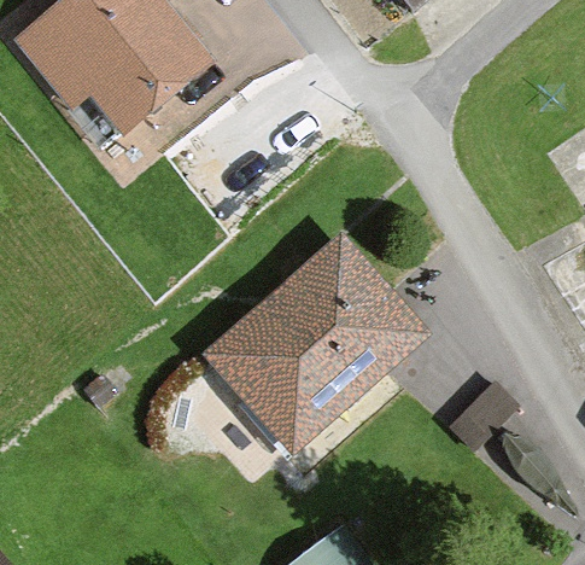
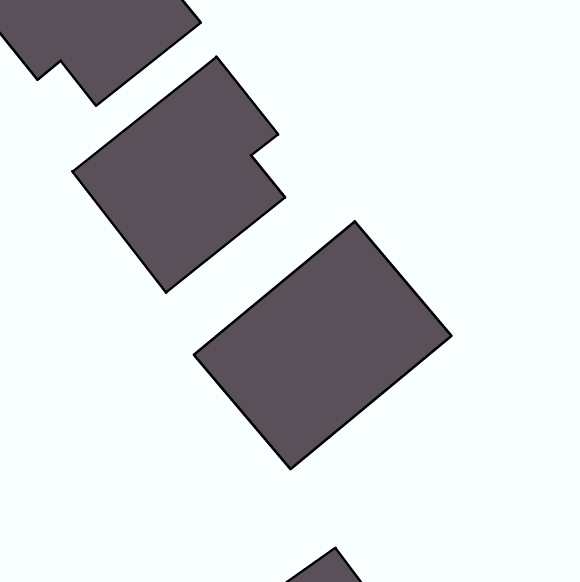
building: none -> [72,57,285,293]

